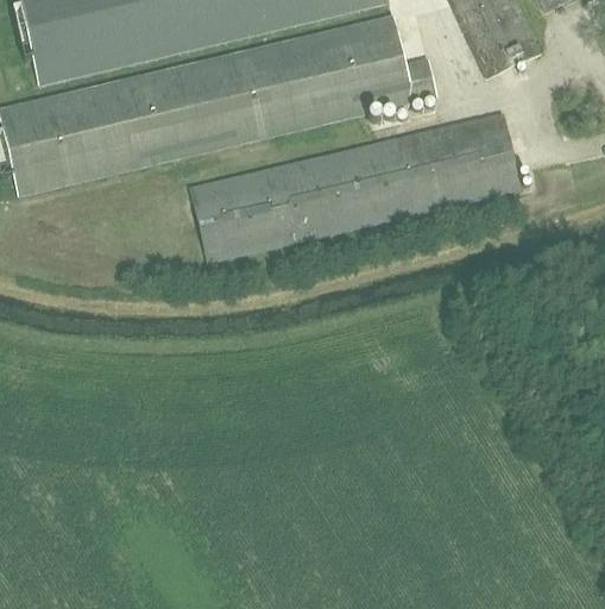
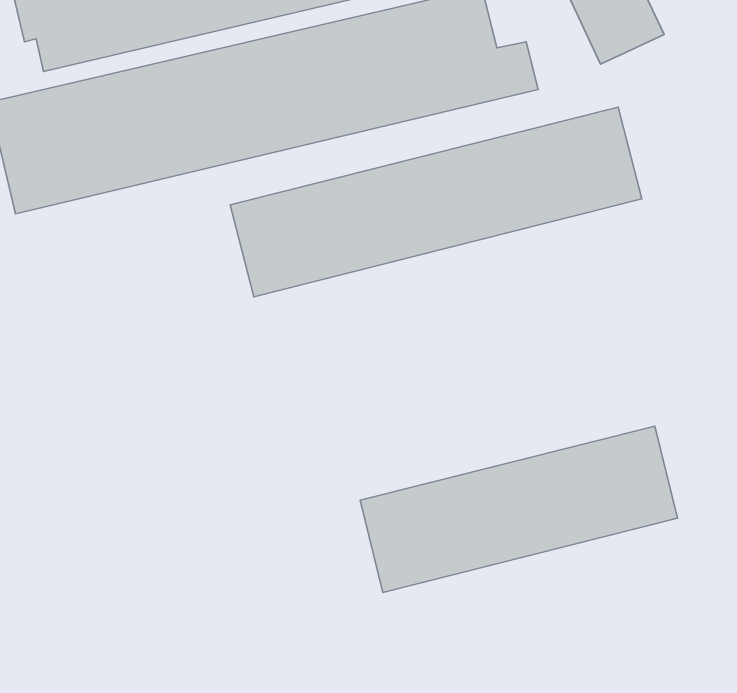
building: none -> [360,426,678,592]

